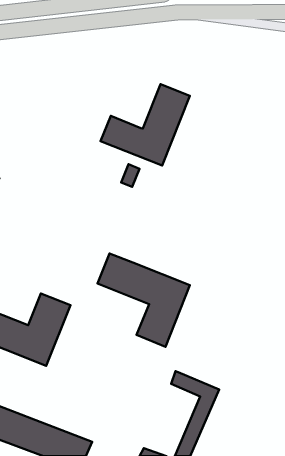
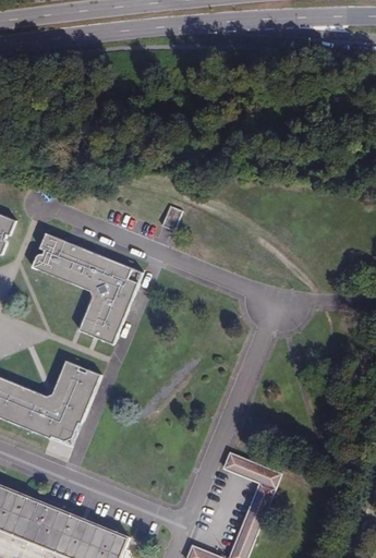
building: [101,84,190,165] -> none
building: [98,254,190,347] -> [31,232,142,344]

